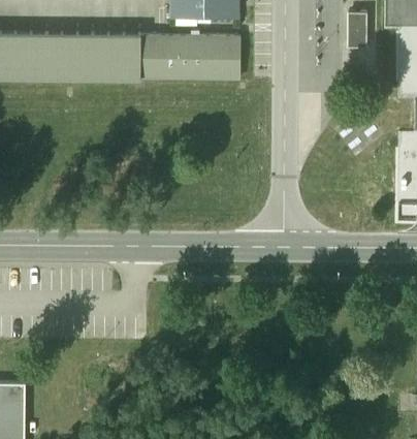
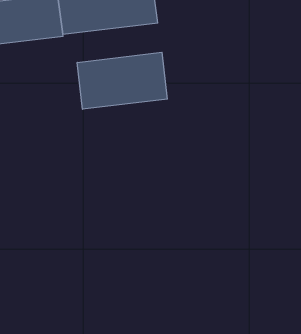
building: none -> [77,52,167,109]

